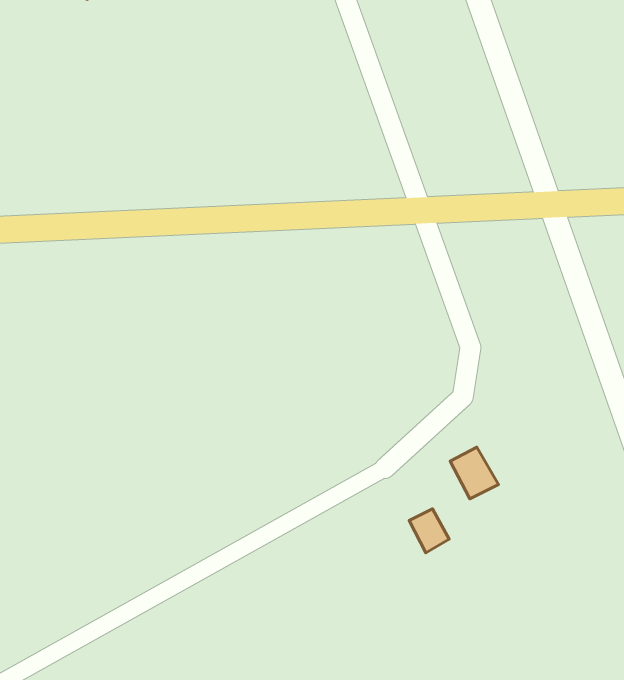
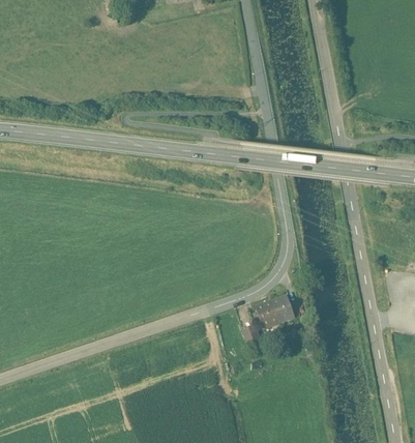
building: none -> [255,298,277,326]

